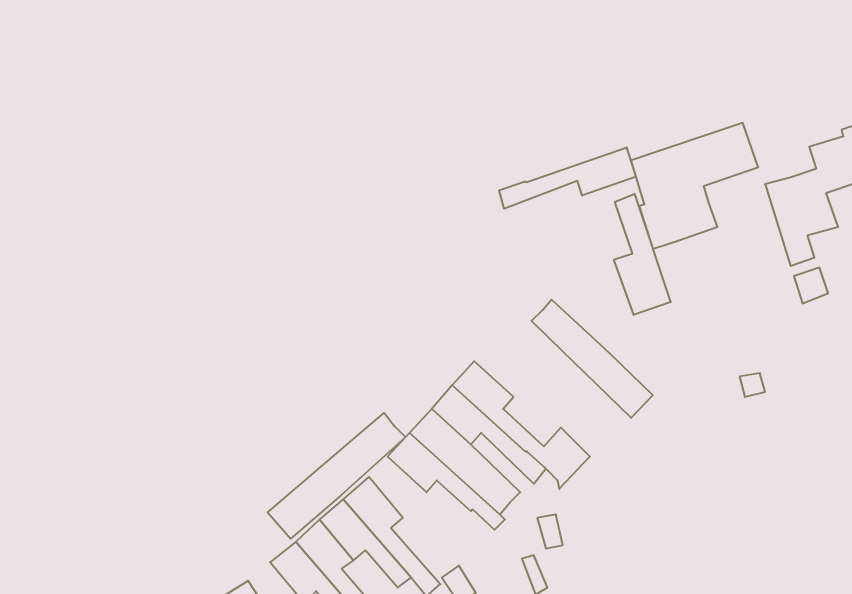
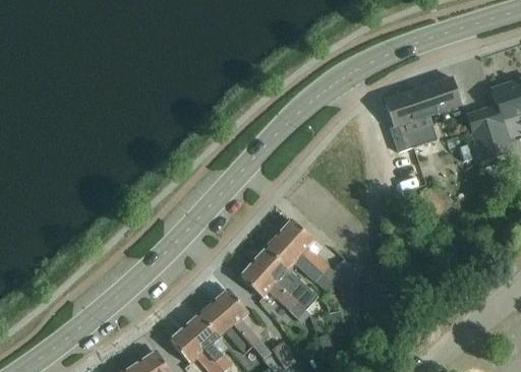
building: [499,147,636,209] -> none
building: [614,194,671,315] -> none
building: [531,300,653,418] -> none
building: [268,413,405,539] -> none

